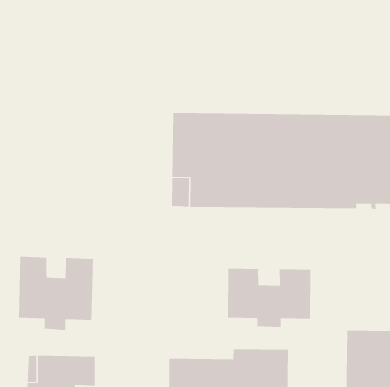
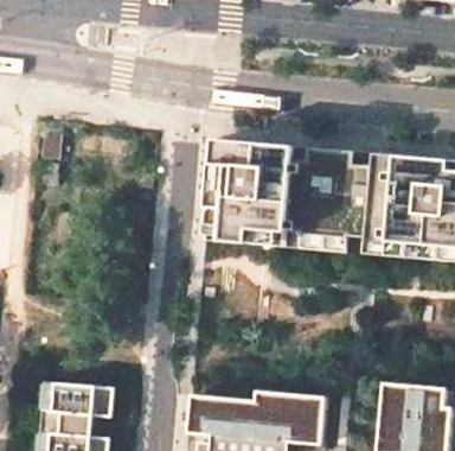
building: [18,256,93,331] -> none
building: [228,268,311,328] -> none

